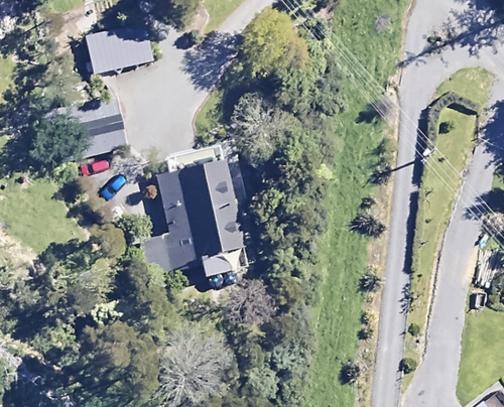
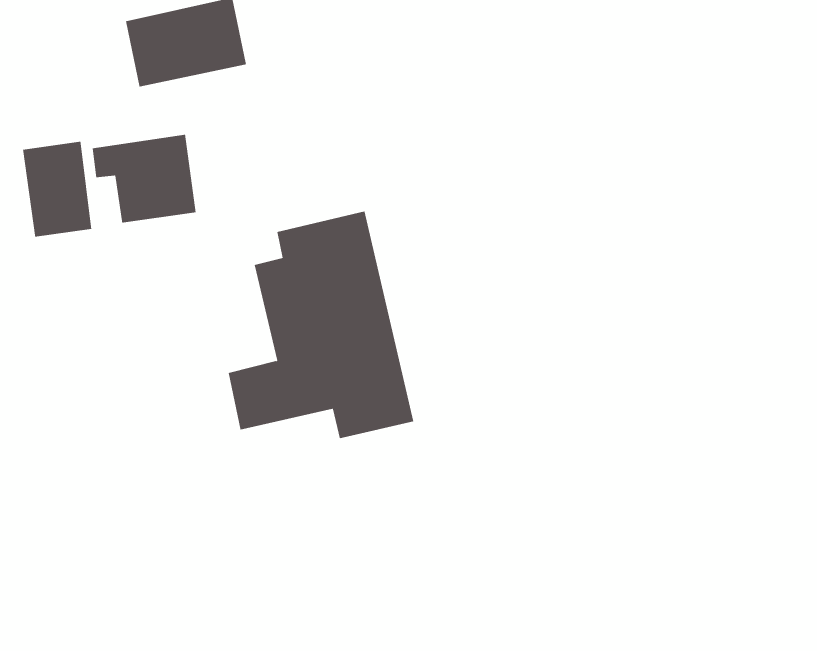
building: none -> [22,141,92,237]

